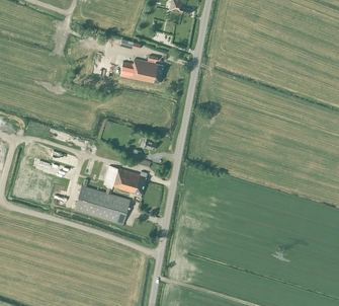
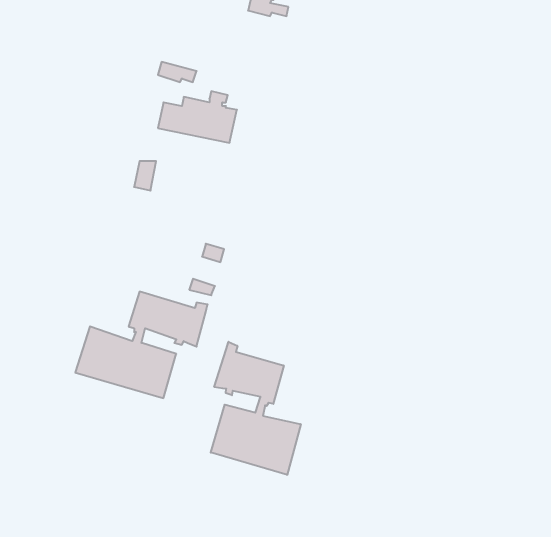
building: none -> [211,342,301,475]

